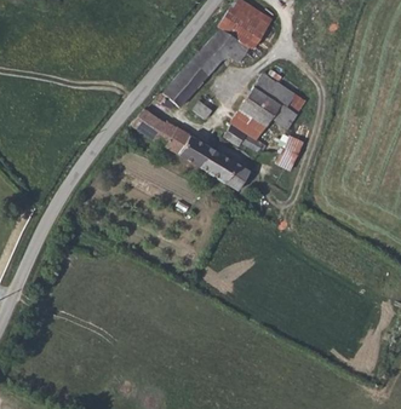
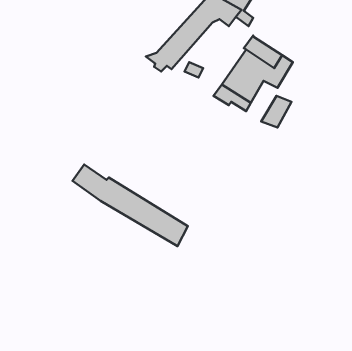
building: [130,106,250,191] -> [73,165,188,246]

